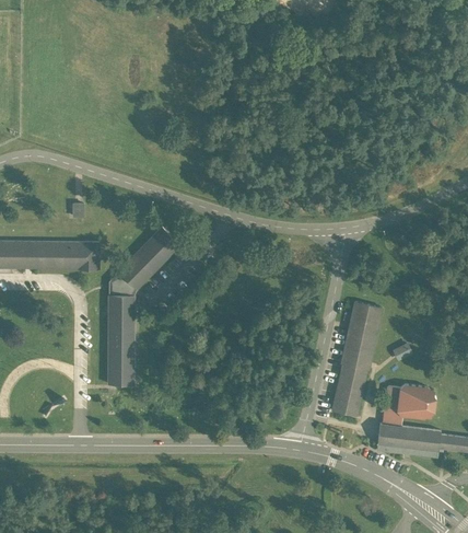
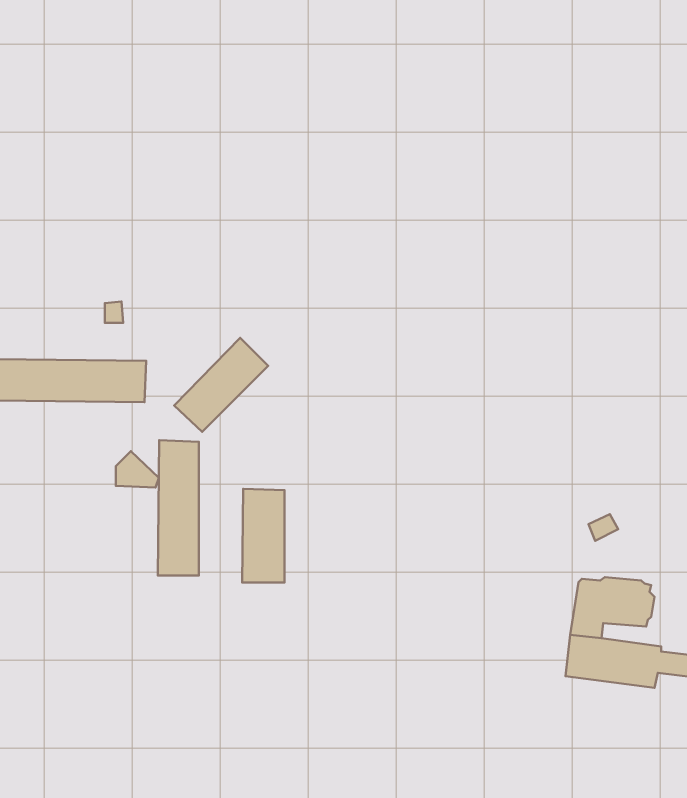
building: [108,271,137,296] -> [116,451,159,488]
building: [330,302,382,417] -> none
building: none -> [242,489,285,582]

